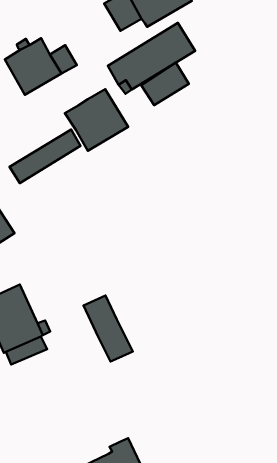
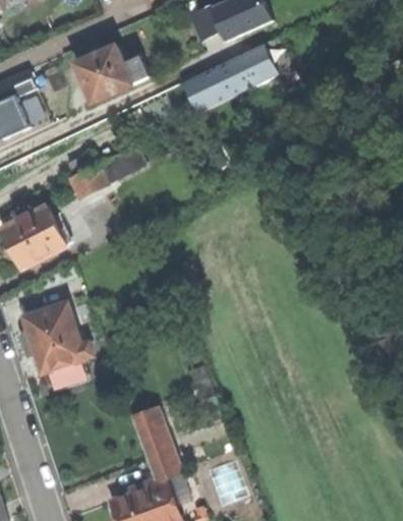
building: [141,63,189,105] -> none
building: [65,89,128,151] -> none
building: [83,295,133,362] -> [131,409,178,479]

